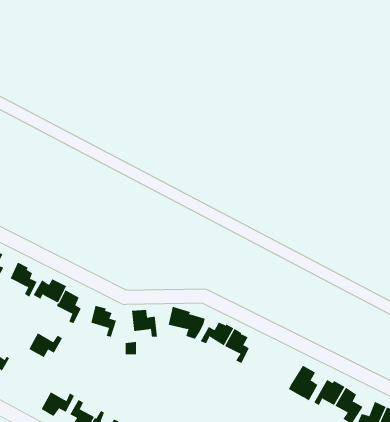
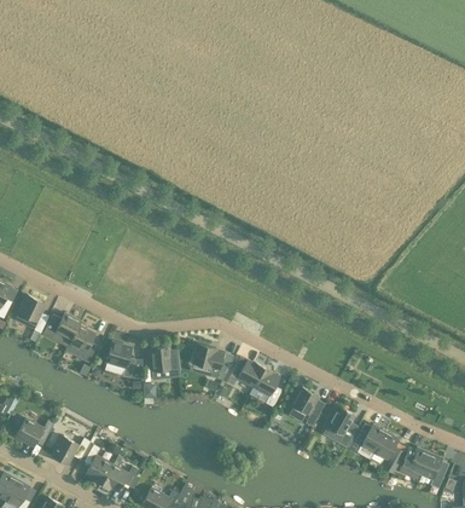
building: [29,333,63,358] -> [16,418,53,446]
building: none -> [291,387,324,427]

